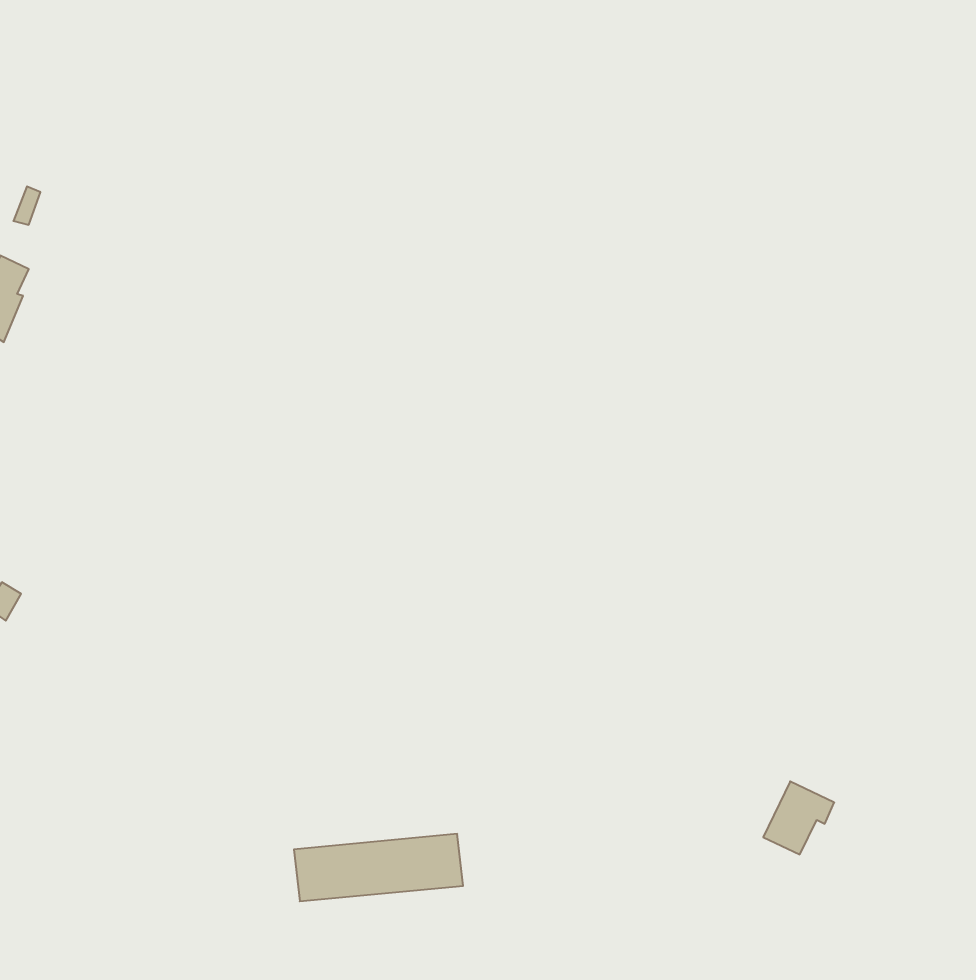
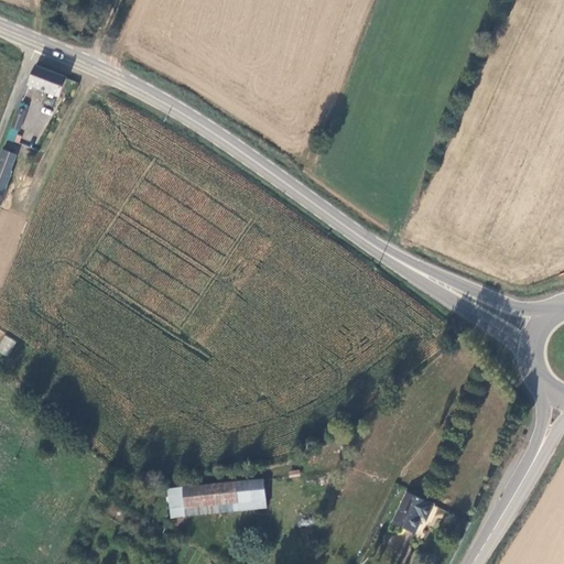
building: none -> [25,64,62,93]
building: [763,781,834,854] -> [391,492,432,534]

